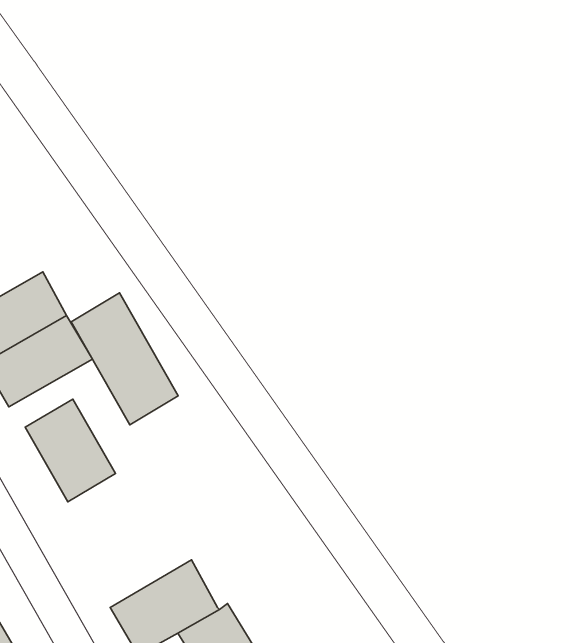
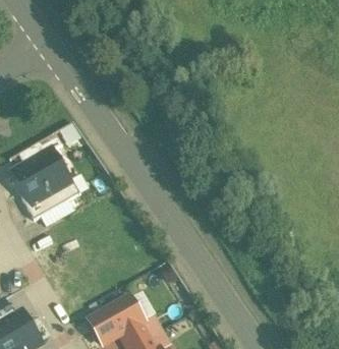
building: [71,293,178,425] -> none
building: [25,399,115,502] -> none

